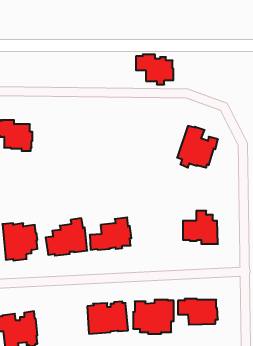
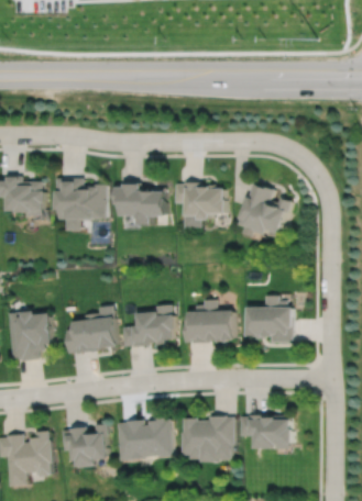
building: [136,55,173,84] -> [175,182,224,222]
building: none -> [56,179,107,232]
building: none -> [116,183,169,226]
building: none -> [184,301,232,345]
building: none -> [62,422,110,467]

